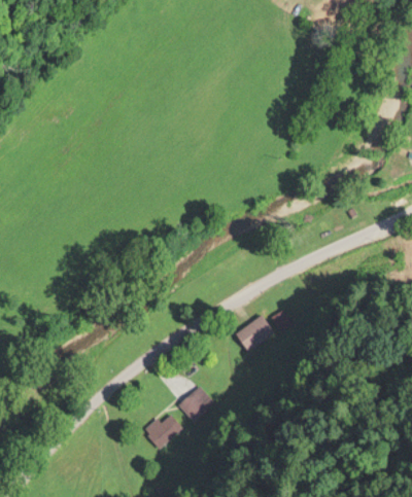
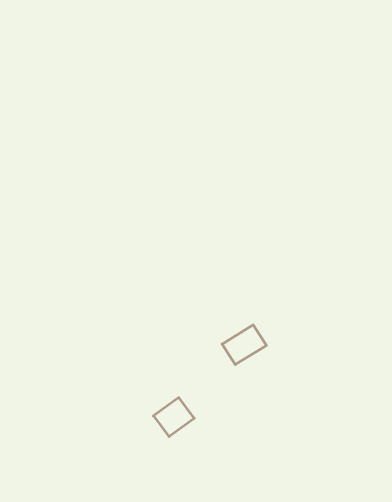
building: [144,414,182,448] -> none

